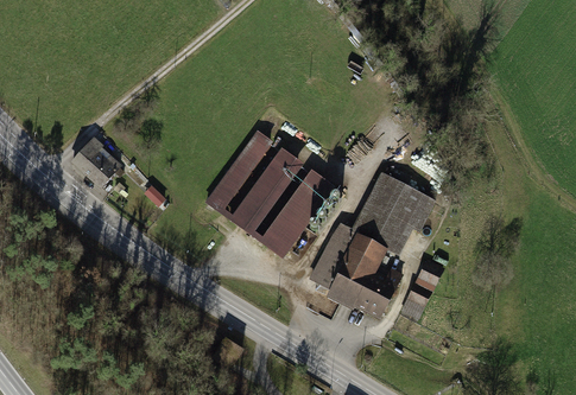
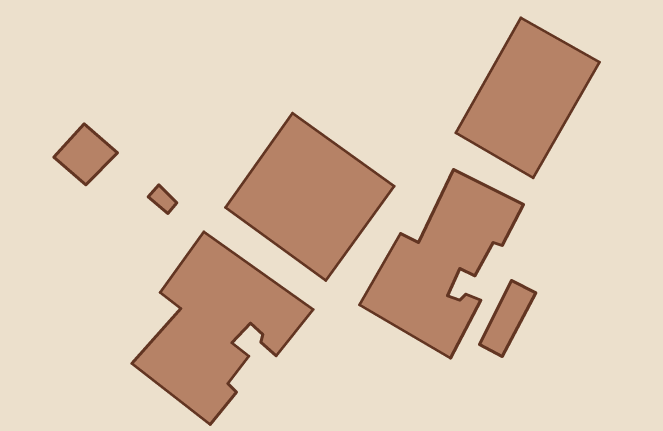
building: none -> [456,18,599,178]
building: none -> [132,232,313,425]

